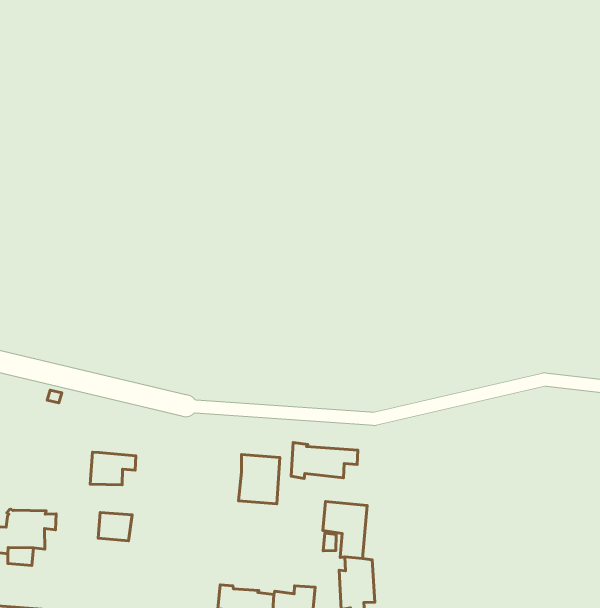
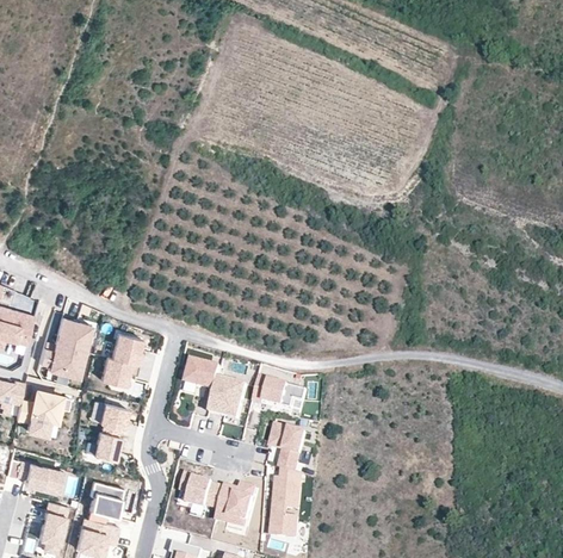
building: none -> [41,320,92,376]
building: none -> [112,334,142,366]
building: none -> [187,361,223,392]
building: none -> [94,433,122,460]

